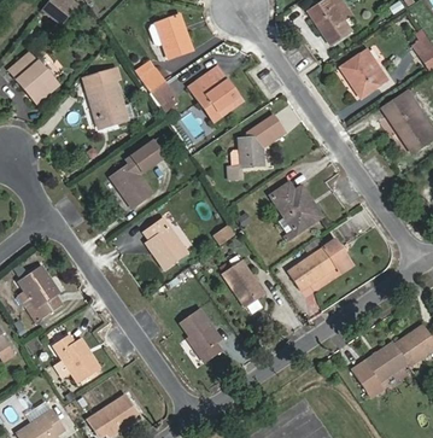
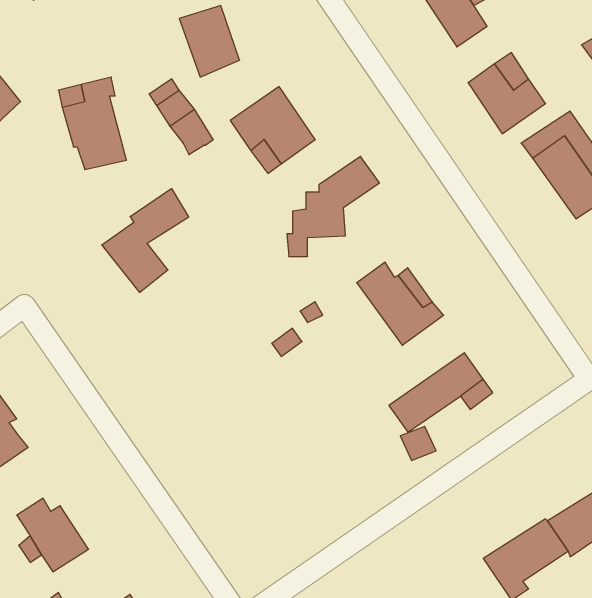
building: [145,220,188,267] -> none
building: [222,261,264,309] -> none
building: [183,305,220,357] -> none

